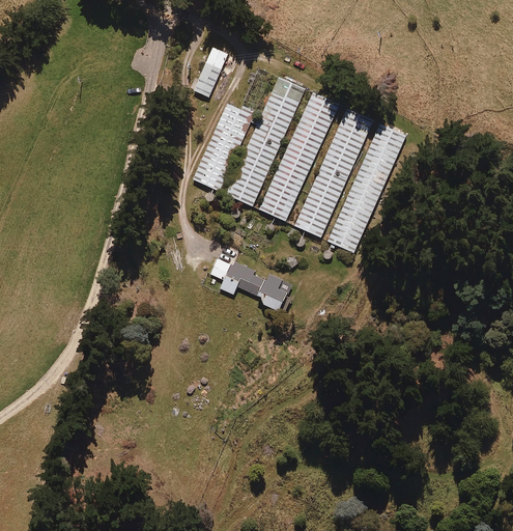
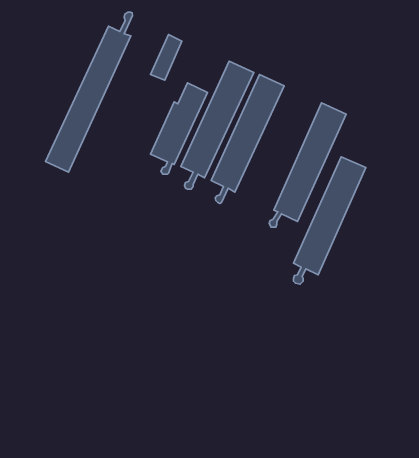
building: none -> [45,12,132,172]
building: [294,109,373,248] -> [294,157,366,284]
building: [209,257,289,308] -> none

